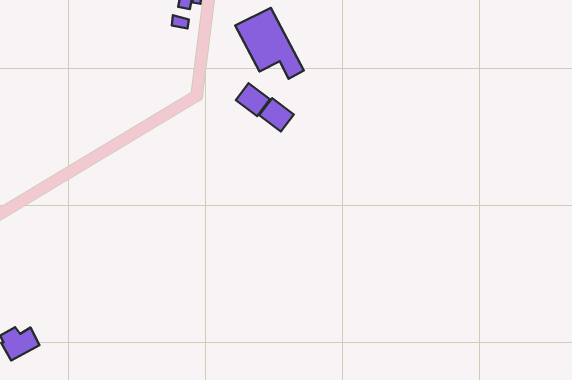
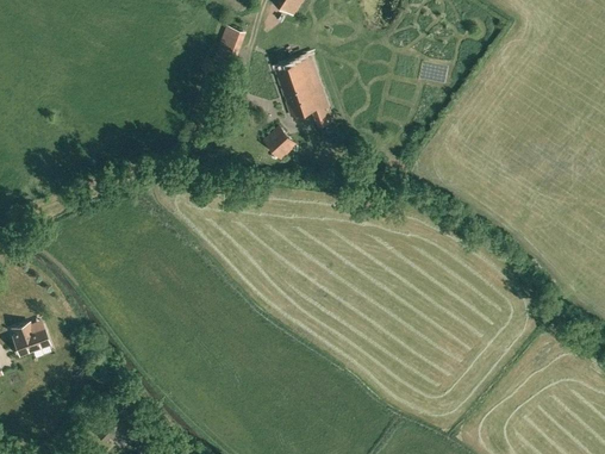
building: [259,98,294,131] -> none

